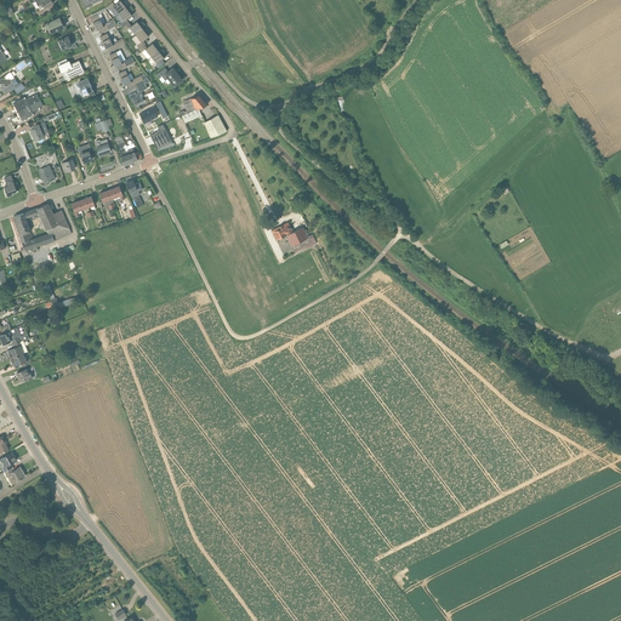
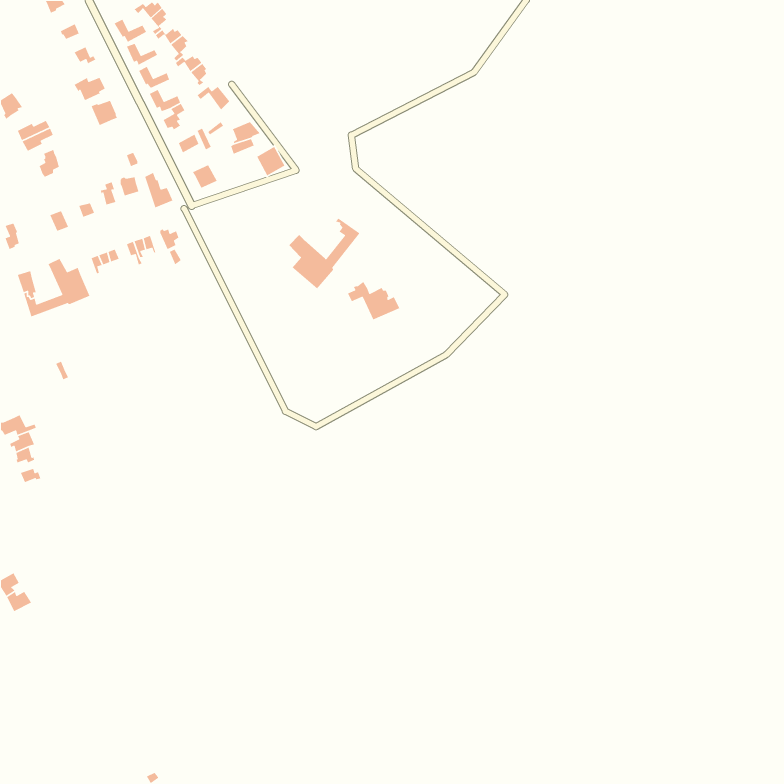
building: none -> [289,217,361,290]

